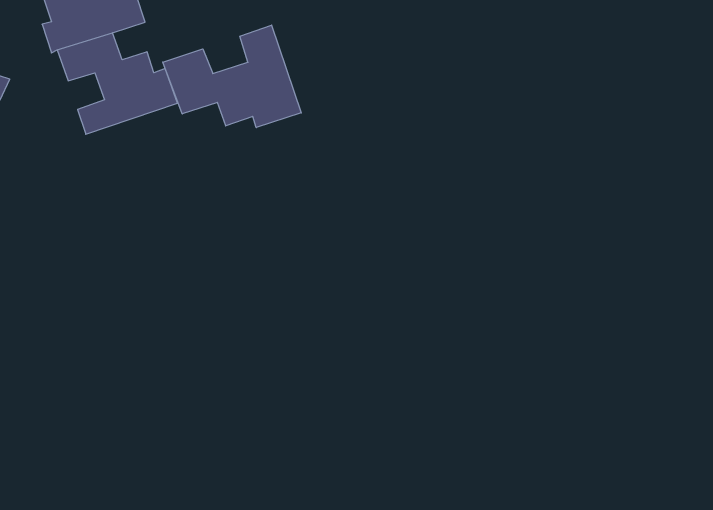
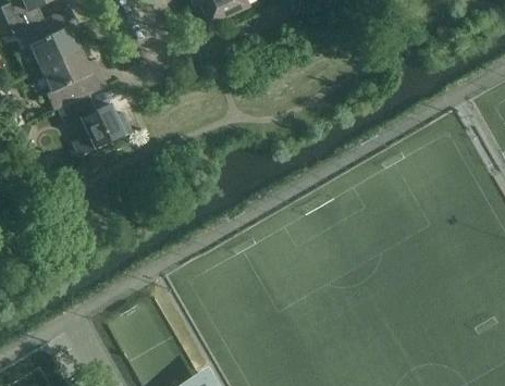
building: [163,25,301,128] -> none

